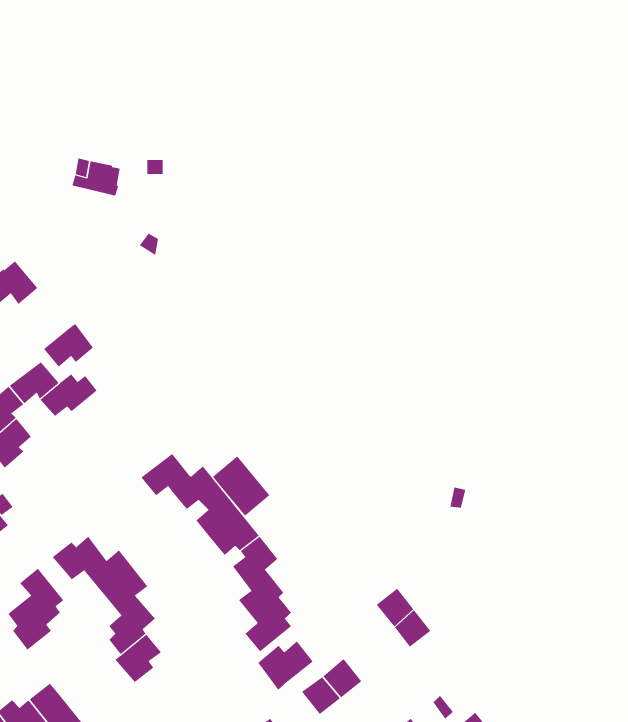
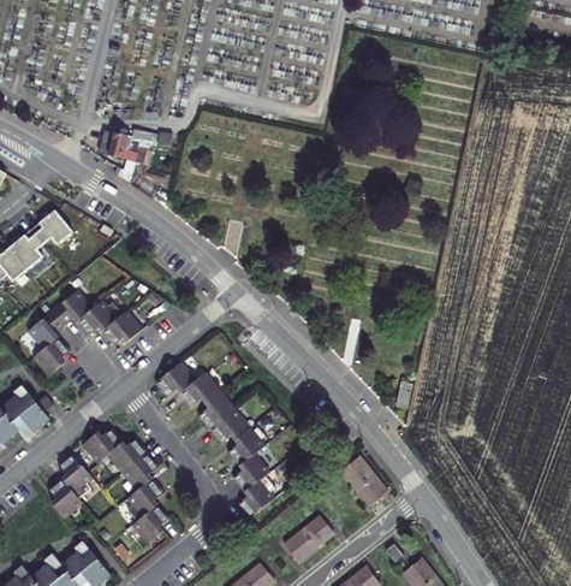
building: [43,323,94,368] -> [101,308,141,343]
building: [212,456,270,517] -> none
building: [257,640,314,690] -> none

